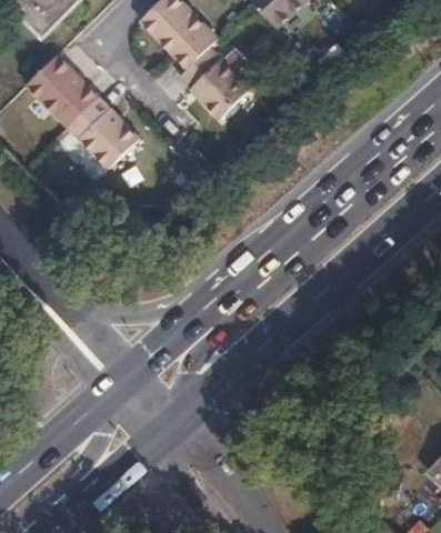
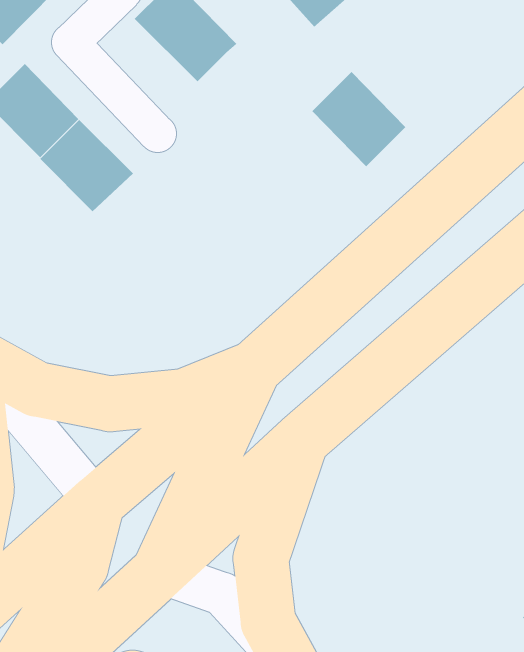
building: [179,44,250,117] -> [312,71,406,167]

